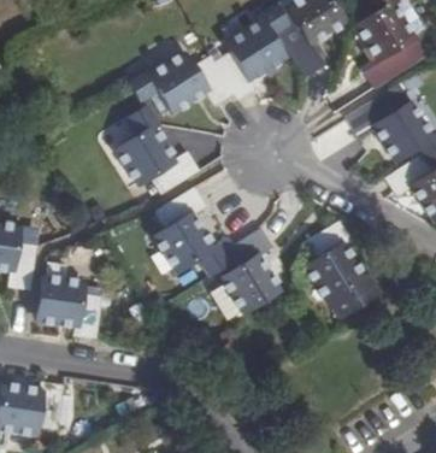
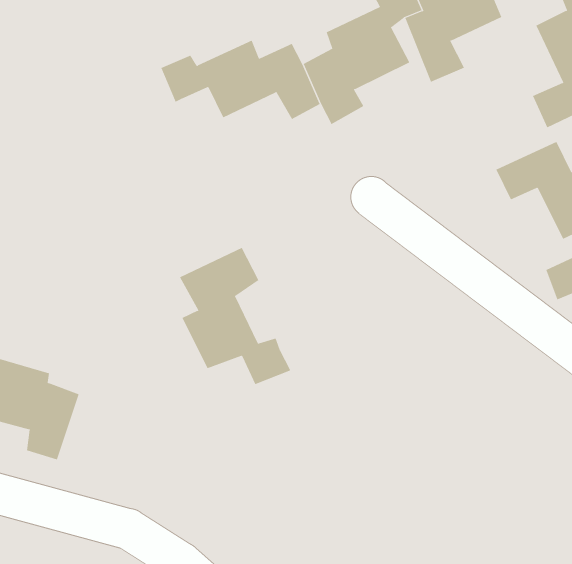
building: [118,107,199,194] -> none
building: [301,222,377,317] -> none
building: [225,226,282,308] -> none

